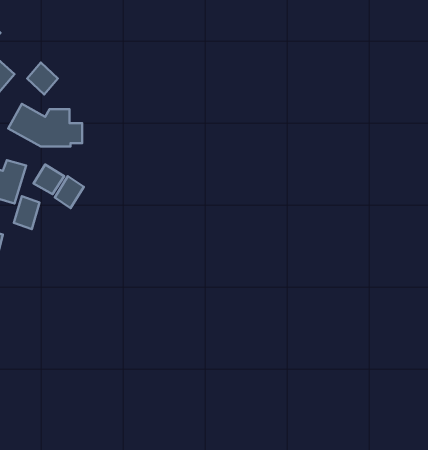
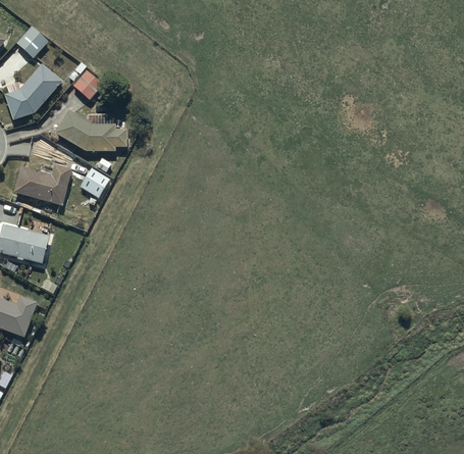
building: [55,176,84,208] -> none
building: [14,196,40,229] -> none

